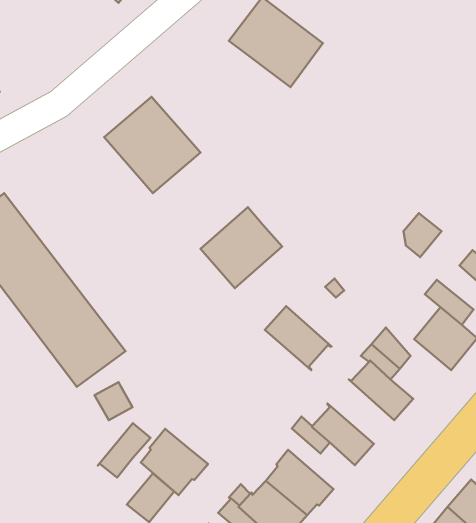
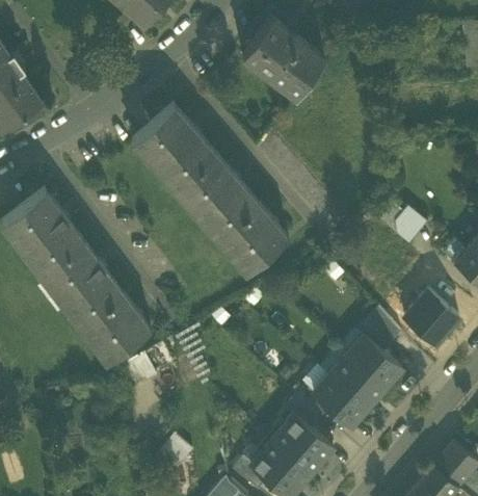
building: none -> [175,157,258,241]
building: [265,306,331,370] -> [327,356,386,412]
building: [98,423,150,478] -> none
building: none -> [285,398,321,433]
building: [141,429,208,495] -> none

